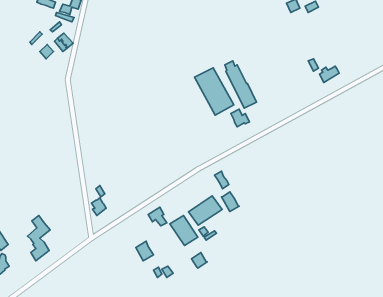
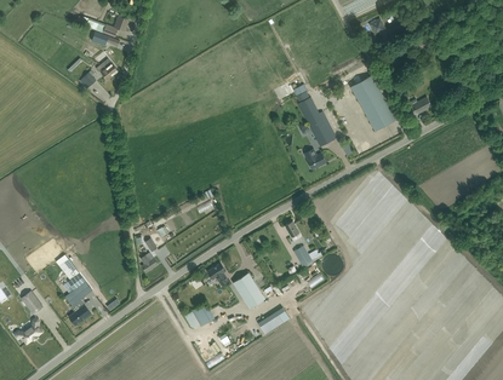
building: [195,68,234,115] -> [350,75,396,131]
building: [188,196,222,225] -> none

